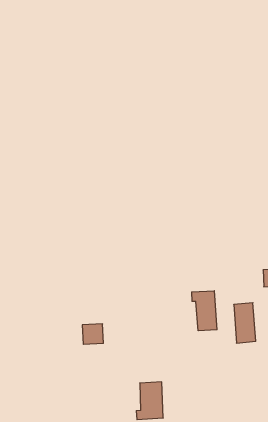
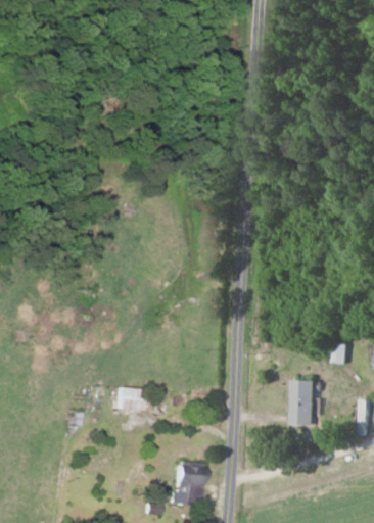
building: [192,291,217,331] -> none

